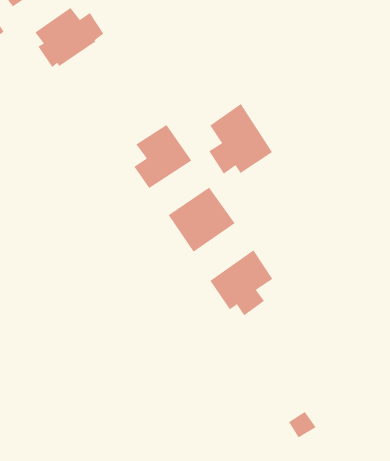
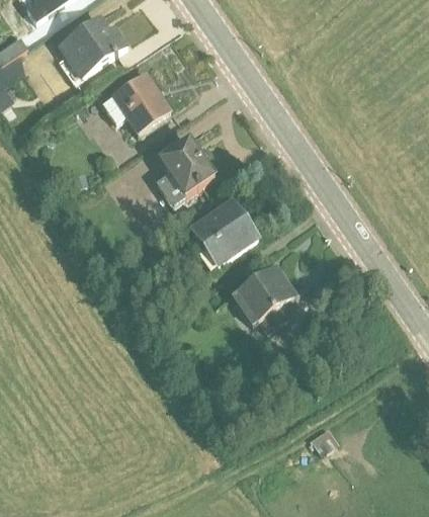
building: none -> [103,73,171,134]
building: [209,103,273,174] -> none

